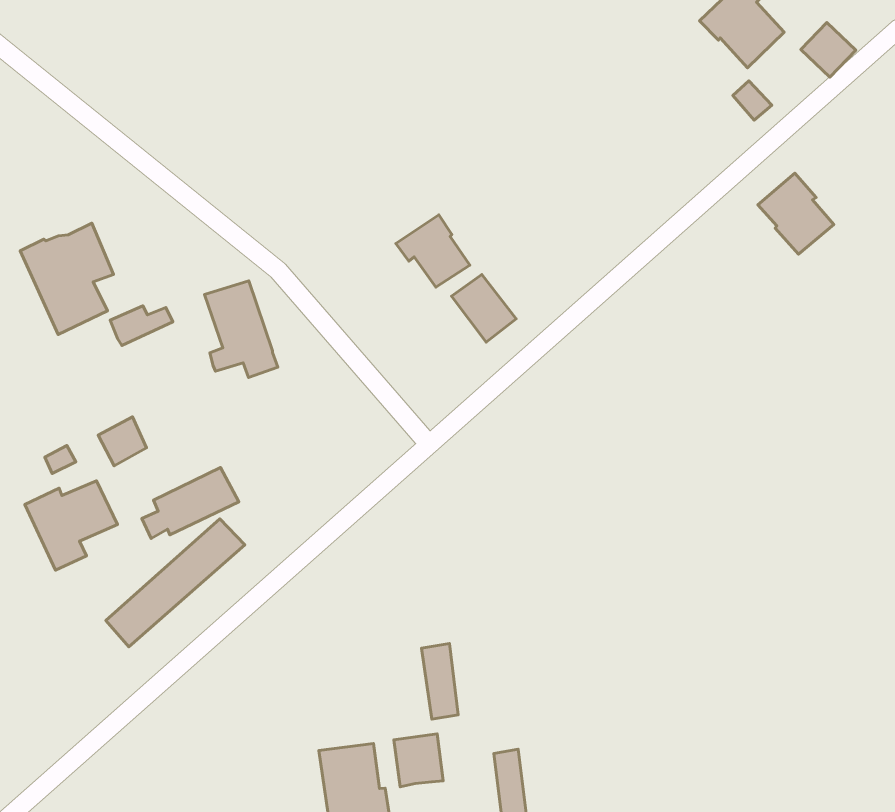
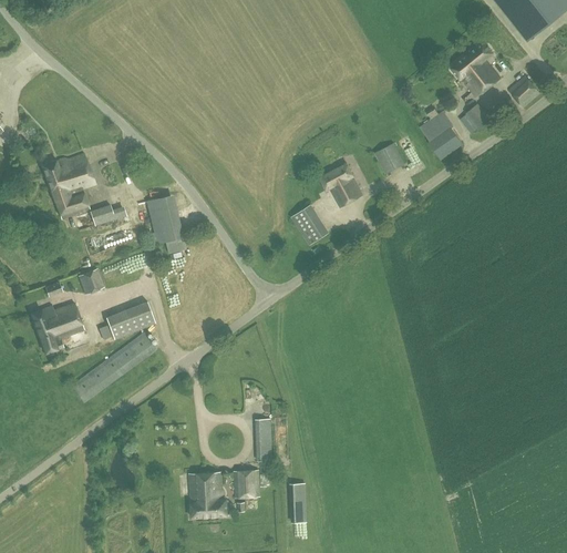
building: none -> [374,142,405,173]
building: [758,173,834,254] -> [420,110,463,157]
building: [396,215,470,287] -> [320,163,362,205]

